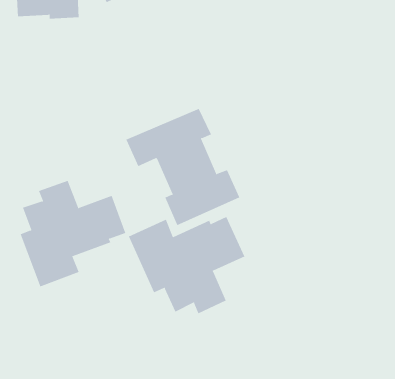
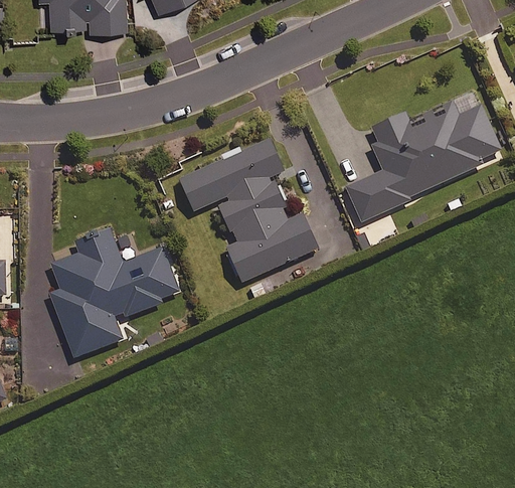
building: none -> [347,91,501,221]
building: [128,216,245,314] -> none

